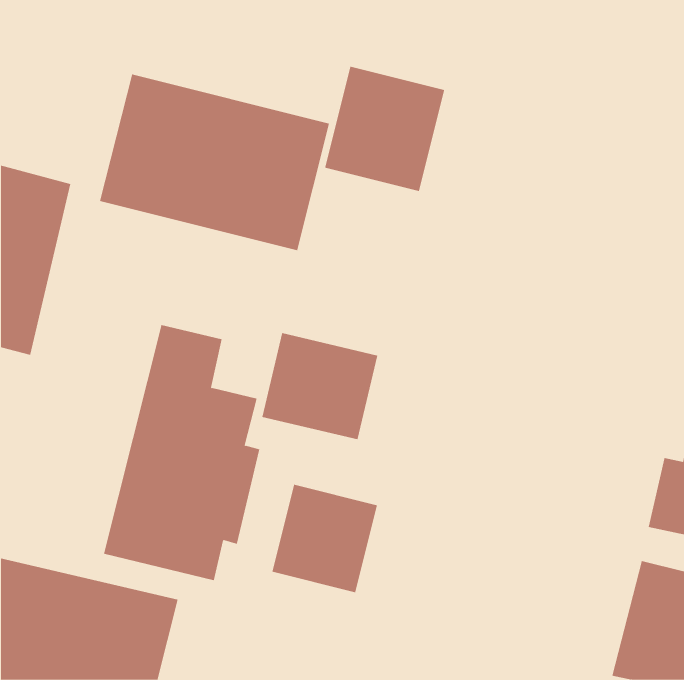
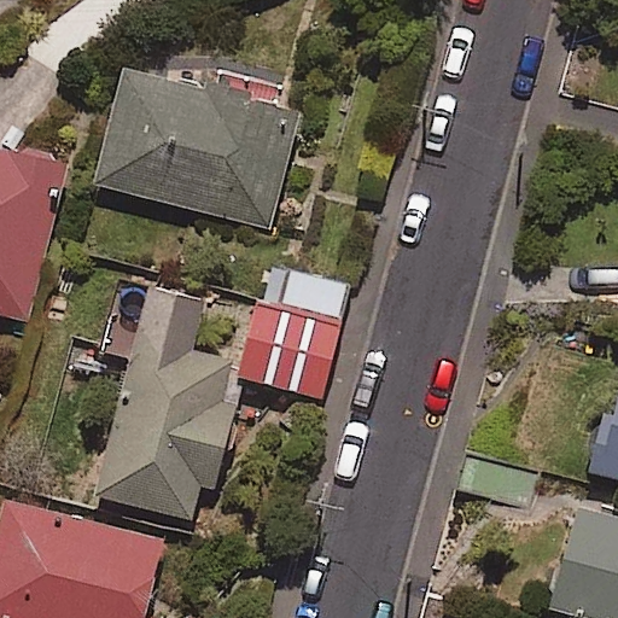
building: [324,66,445,192] -> none
building: [272,484,377,593] -> none

